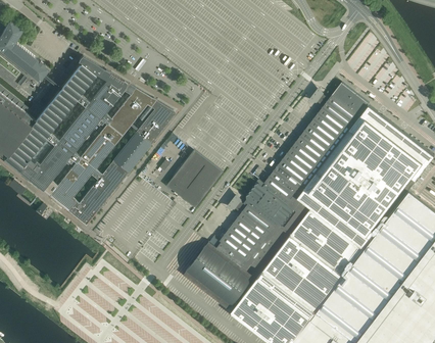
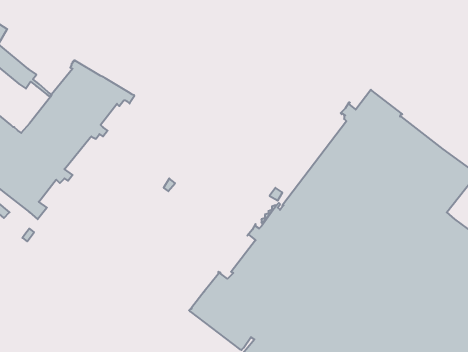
building: [49,88,174,225] -> none
building: [165,150,223,209] -> none

